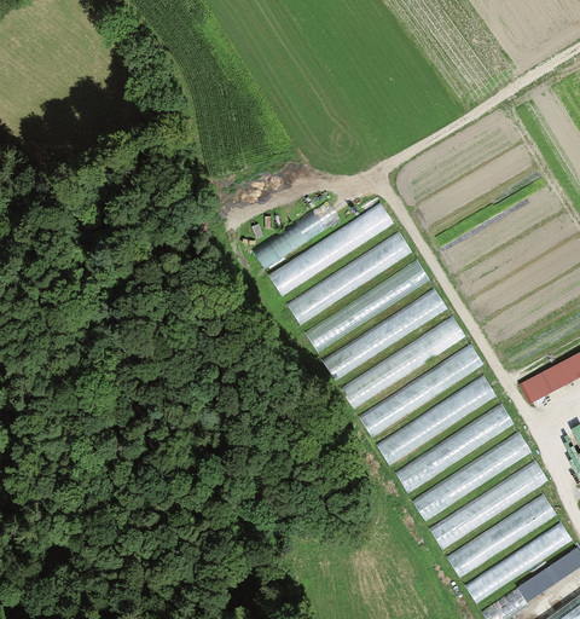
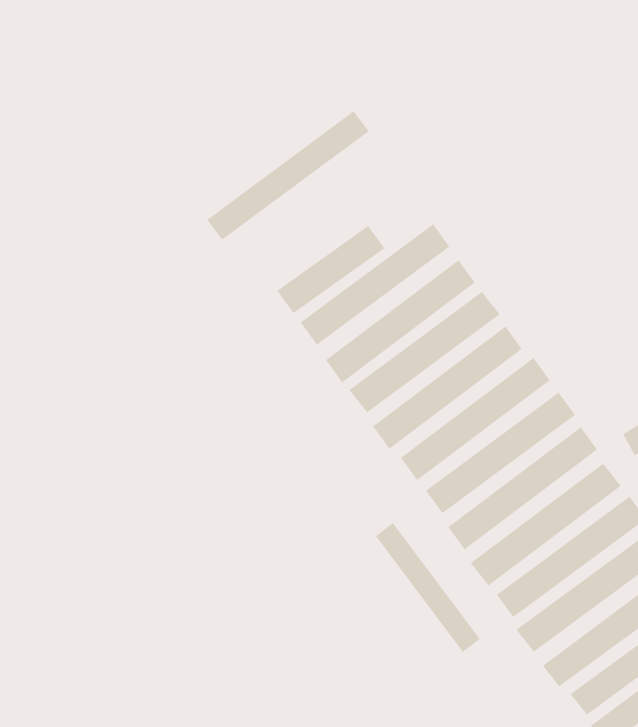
building: none -> [206,111,369,241]
building: none -> [375,522,481,653]

